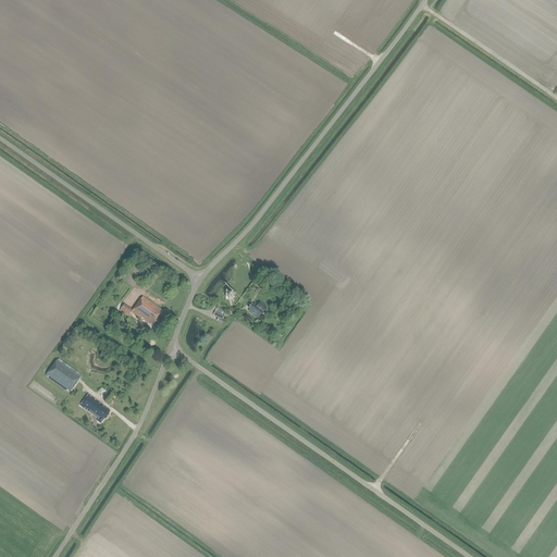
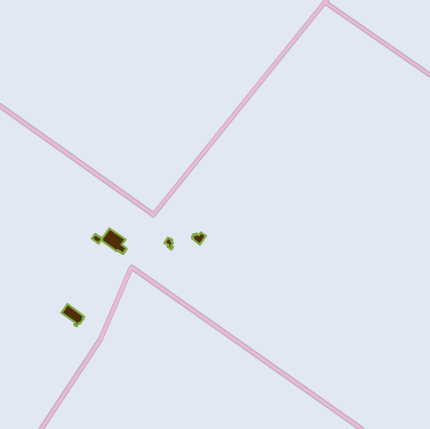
building: [45,358,79,389] -> none

